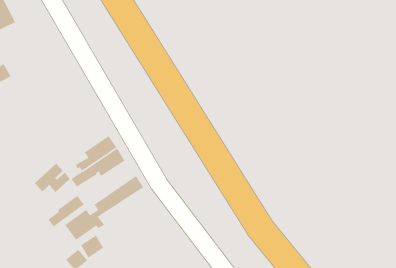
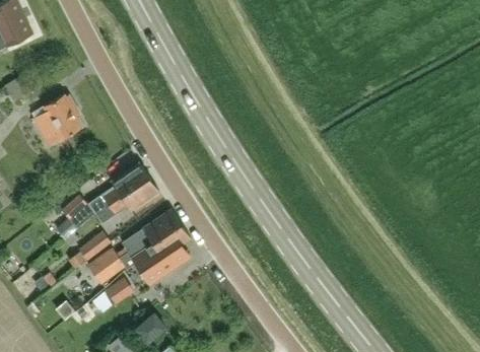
building: none -> [33,95,80,145]
building: none -> [127,223,190,281]

